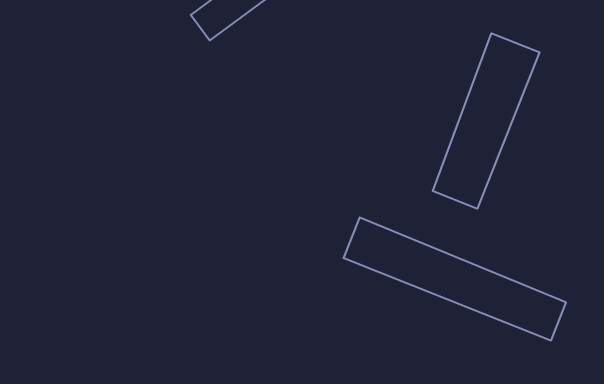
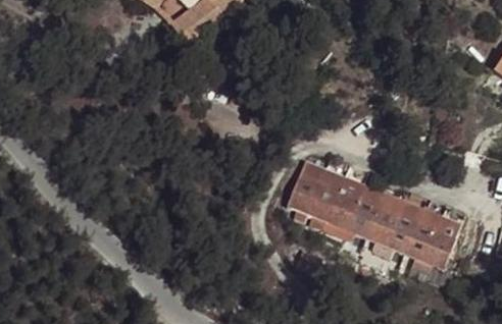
building: [433,33,539,209] -> none

